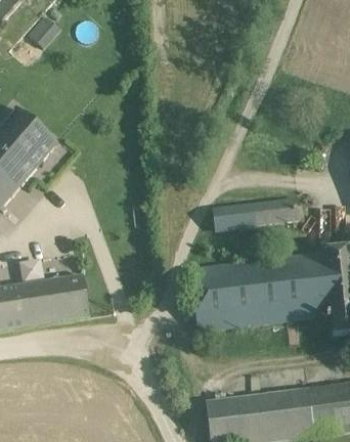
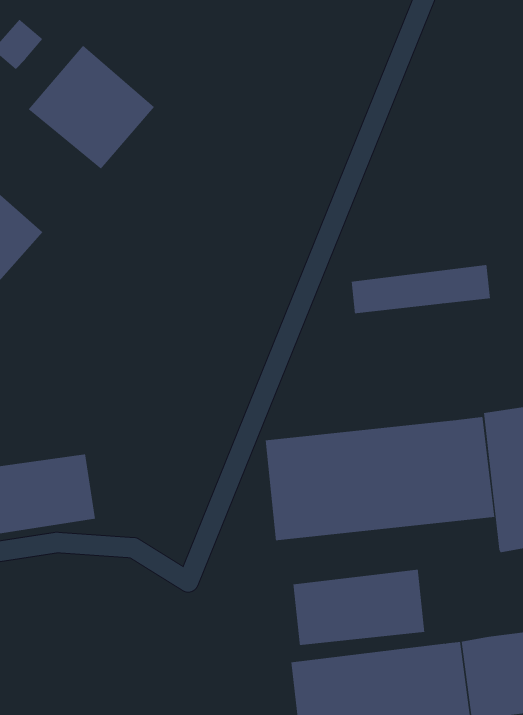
building: none -> [28,45,155,170]
building: [217,198,301,228] -> [351,264,491,314]
building: none -> [293,569,425,646]

